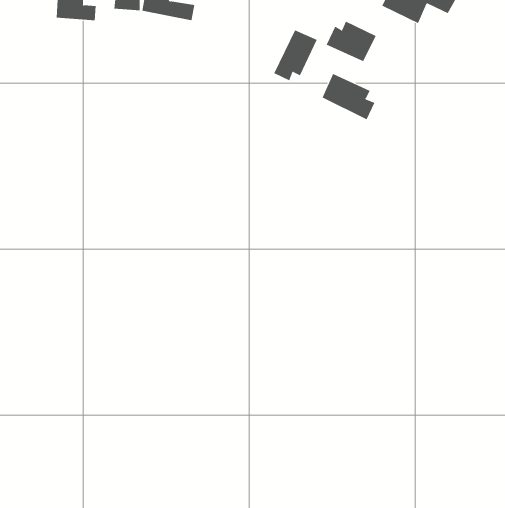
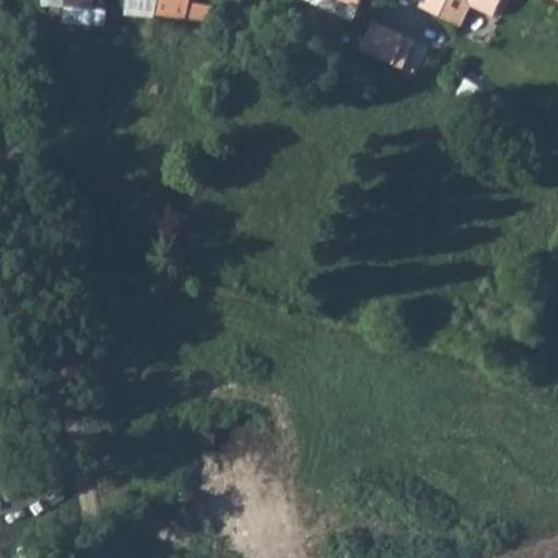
building: [273,30,317,81] -> none
building: [322,73,375,120] -> none

